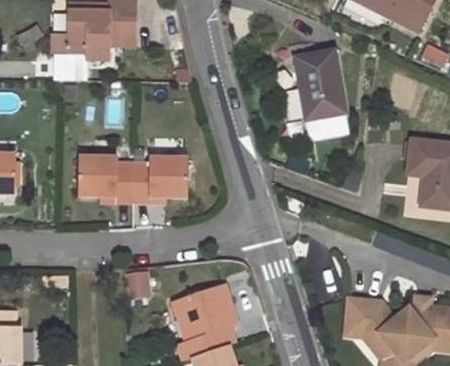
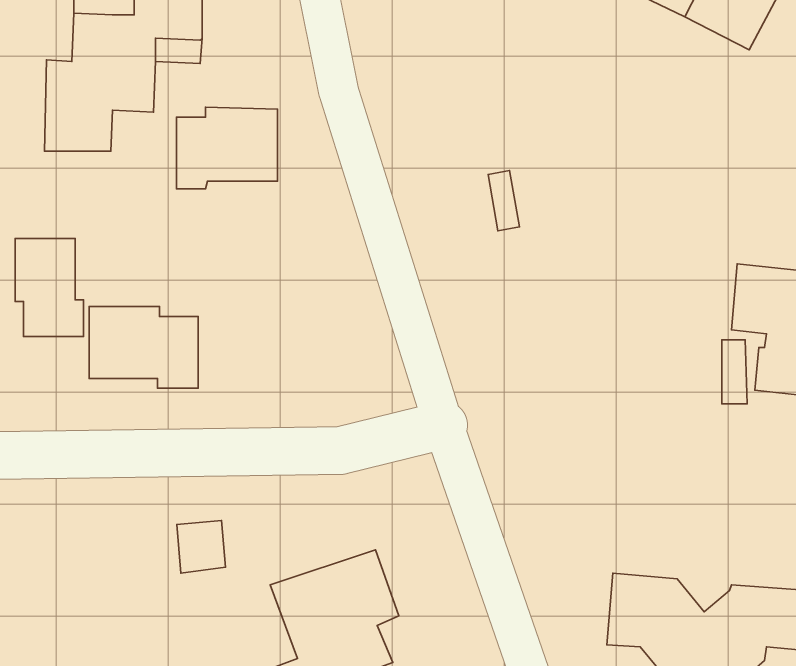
building: [296,50,345,136] -> none
building: none -> [15,238,83,337]
building: [135,160,187,202] -> [176,107,278,189]

